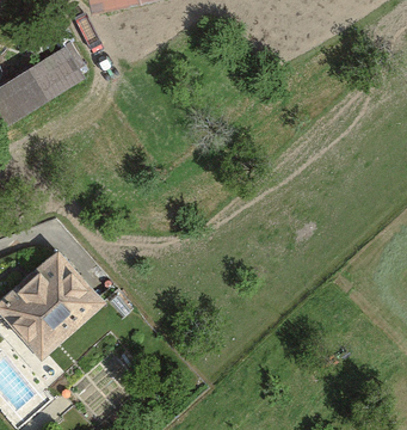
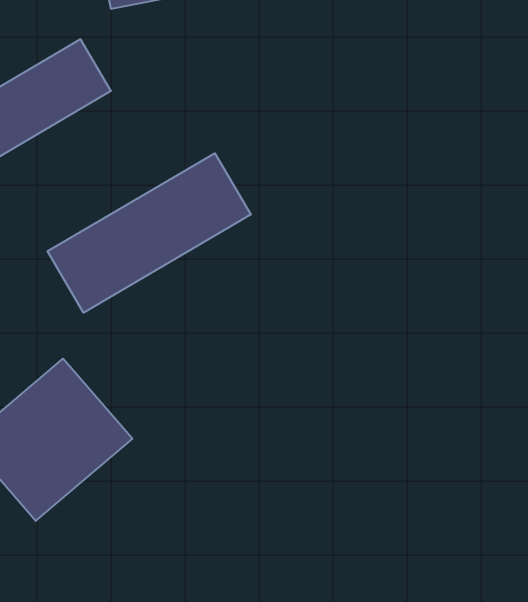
building: none -> [47,153,251,313]

